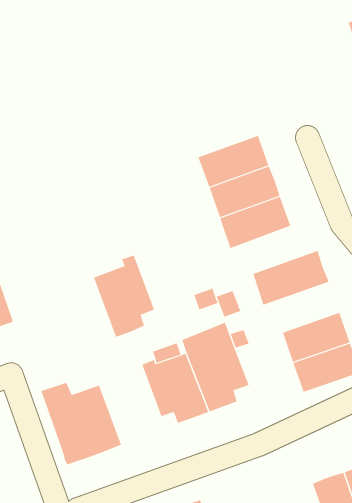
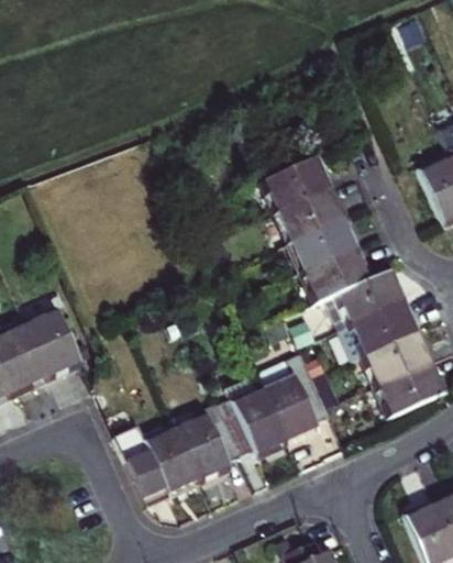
building: none -> [299,245,374,303]
building: [93,255,155,338] -> [175,398,241,485]
building: none -> [338,300,418,360]

